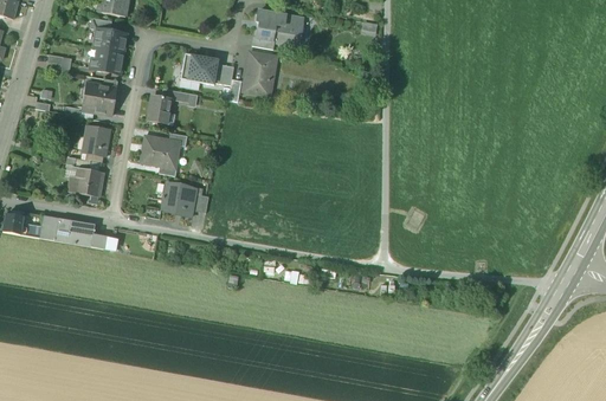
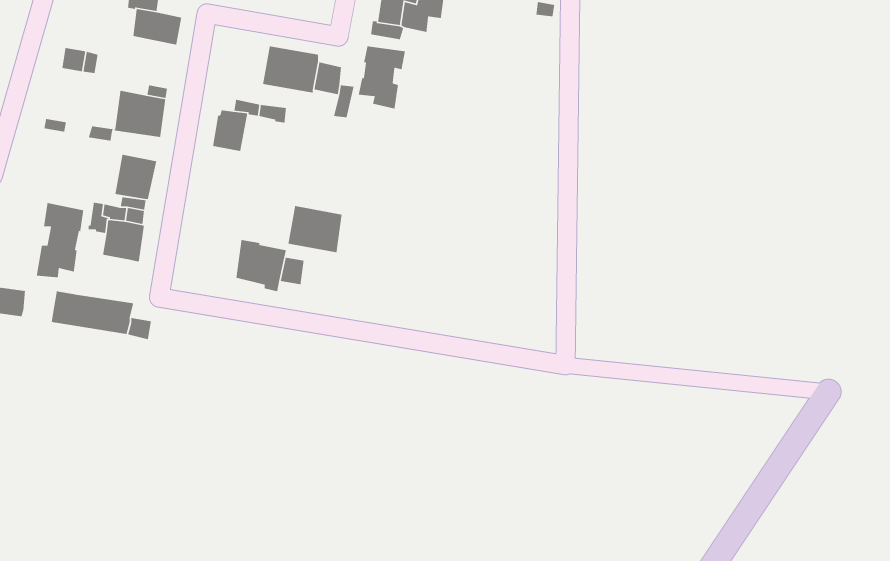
building: [89,46,123,73] -> none
building: [140,135,176,167] -> [287,205,342,253]
building: none -> [36,202,84,278]

